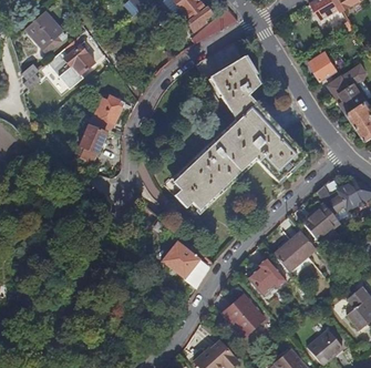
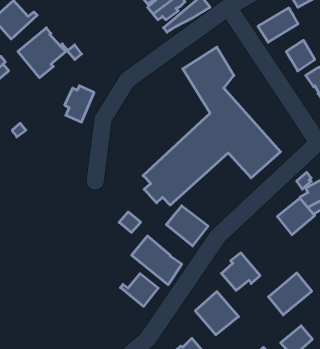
building: none -> [258,8,298,42]
building: [80,124,106,161] -> none
building: none -> [166,206,208,246]
building: [274,231,316,272] -> [268,273,312,315]
building: none -> [120,274,158,306]

